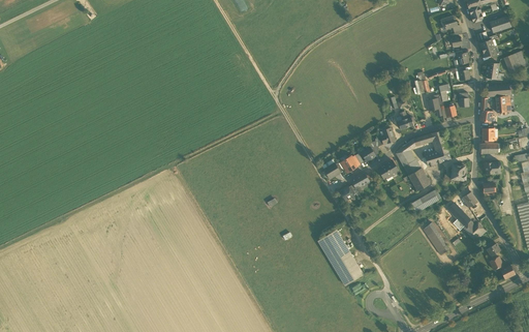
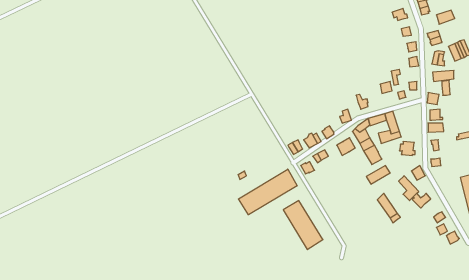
building: none -> [238,169,297,215]

